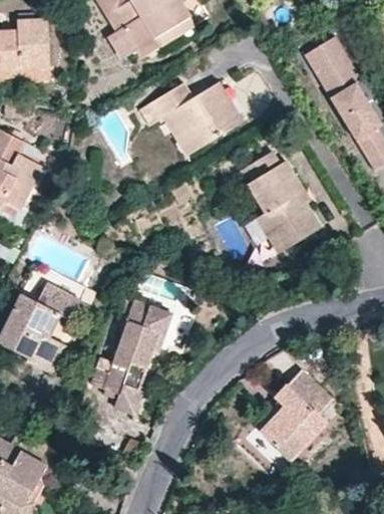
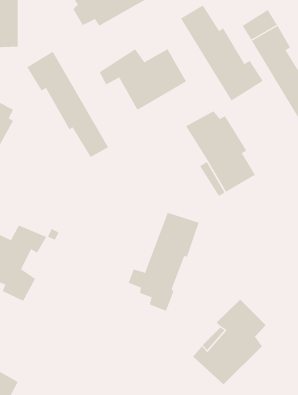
building: none -> [180,5,264,102]
building: none -> [26,51,109,158]
building: [90,299,172,414] -> [128,212,200,311]

